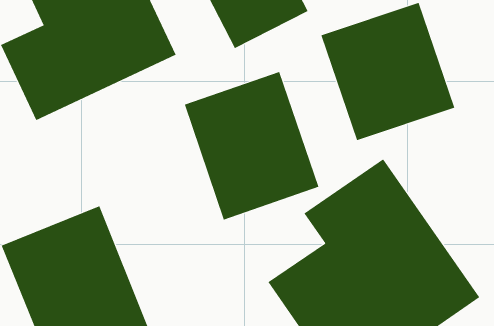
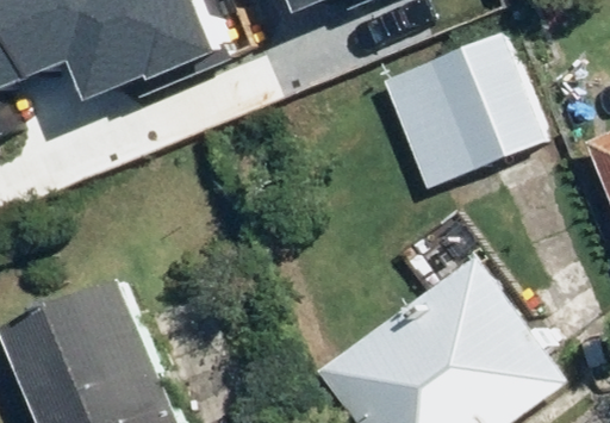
building: [184,71,319,220] -> none

